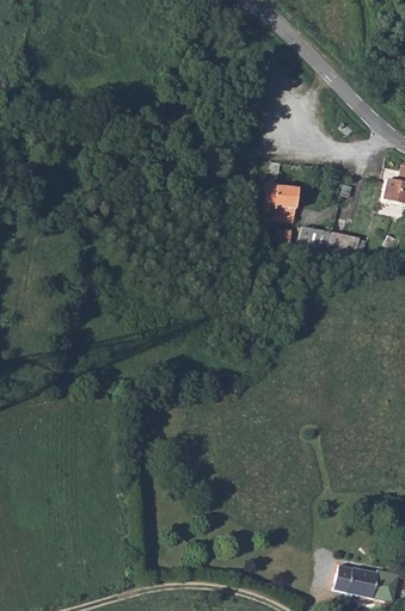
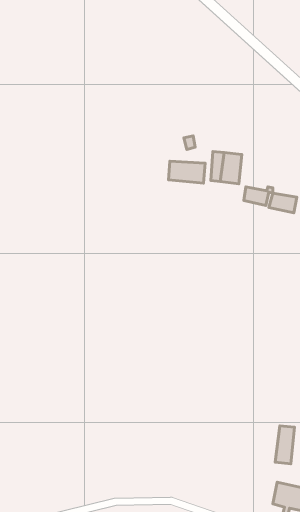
building: none -> [168,161,205,183]
building: none -> [275,426,294,464]

